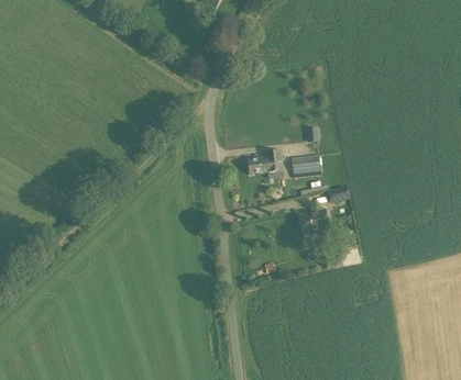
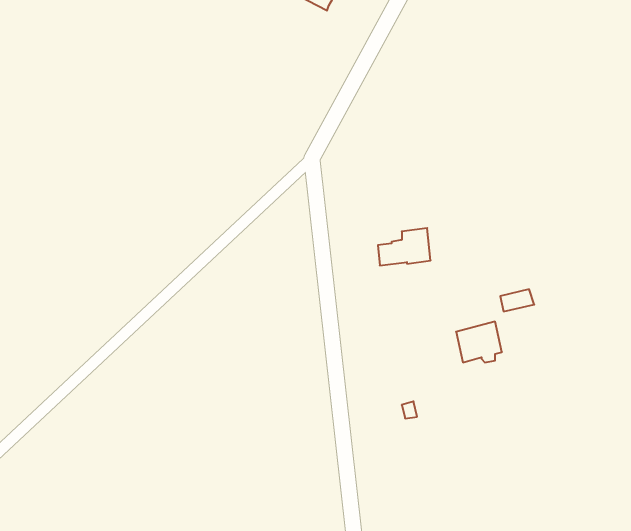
building: [292,155,321,174] -> none

